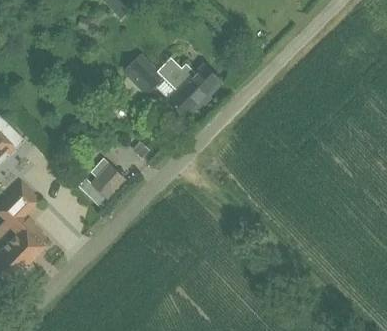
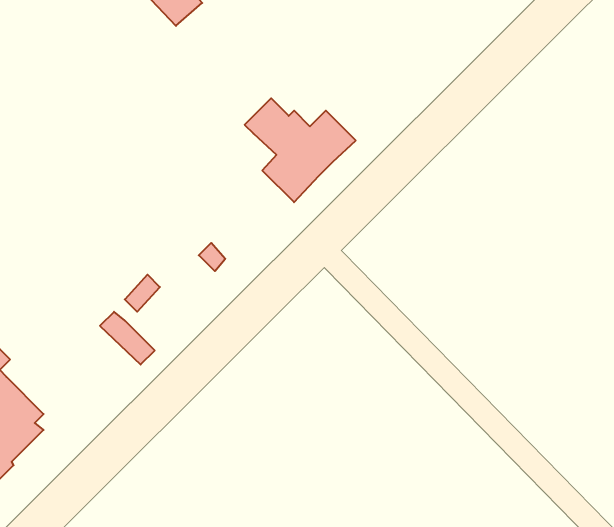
building: [124,58,160,94] -> none

